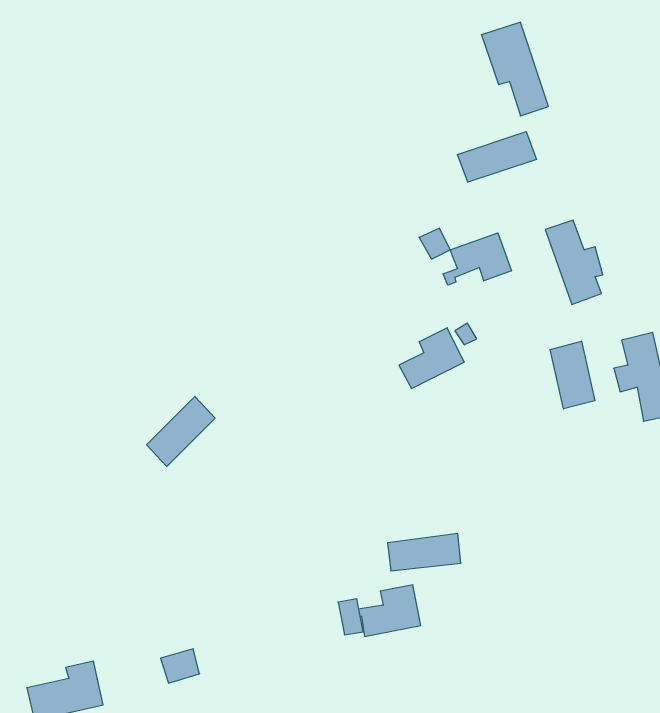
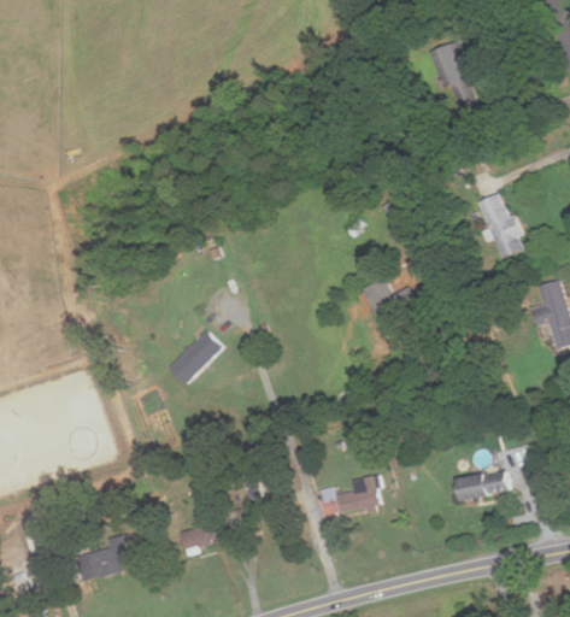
building: [457,132,537,182] -> none
building: [443,233,511,285] -> none
building: [550,341,595,409] -> none
building: [388,534,461,571] -> [456,469,512,498]

